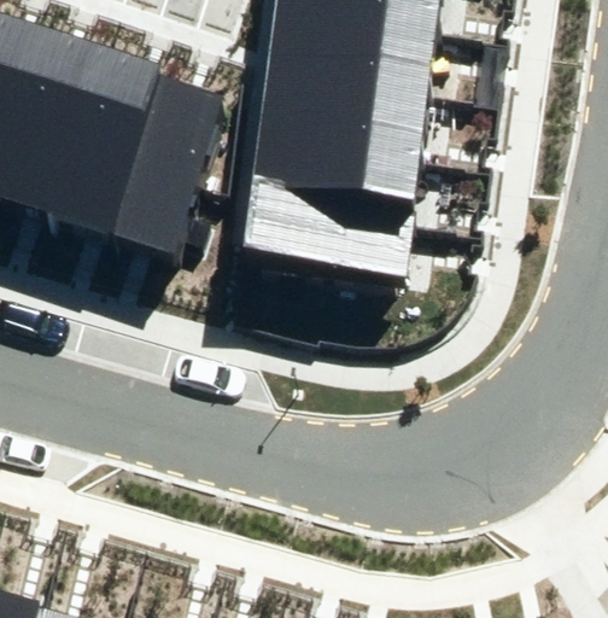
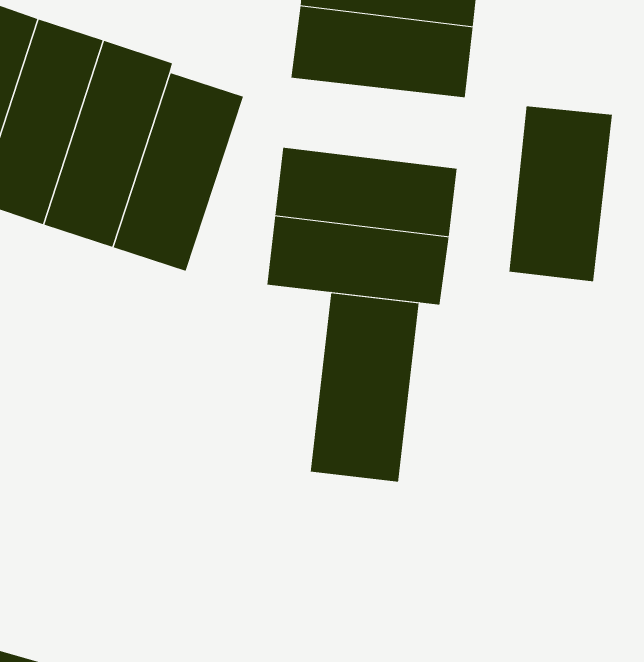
building: [259,77,425,159] -> none
building: none -> [509,105,613,282]
building: none -> [310,292,419,483]

